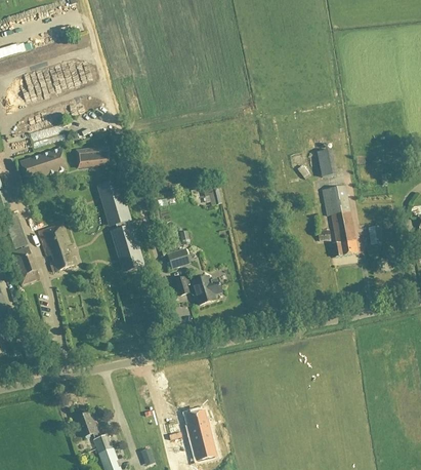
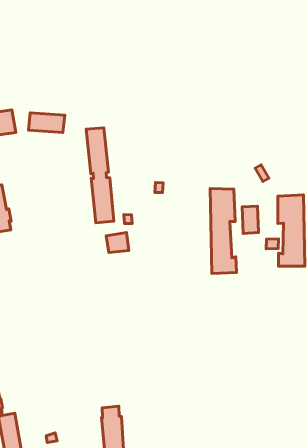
building: [315,148,335,175] -> [242,206,259,233]
building: [101,180,141,270] -> [86,128,114,223]
building: none -> [210,189,236,273]
building: [174,275,220,303] -> none

